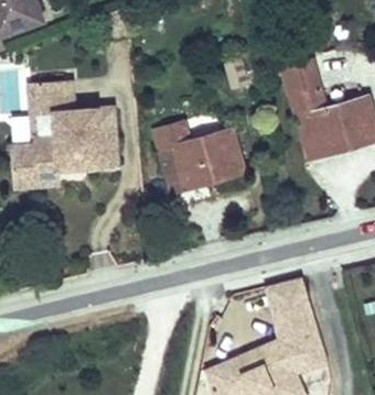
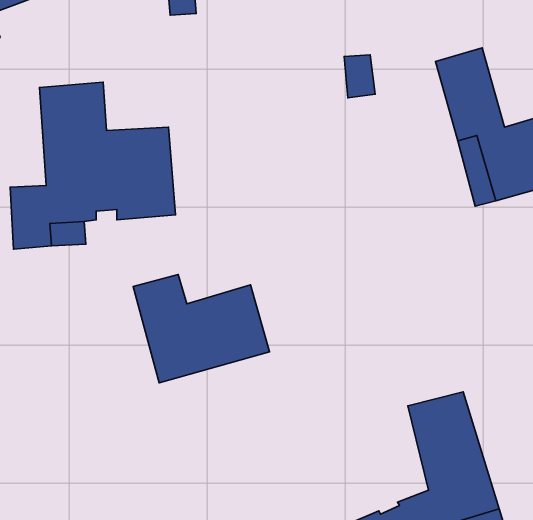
building: [156,123,243,193] -> [133,275,269,383]

